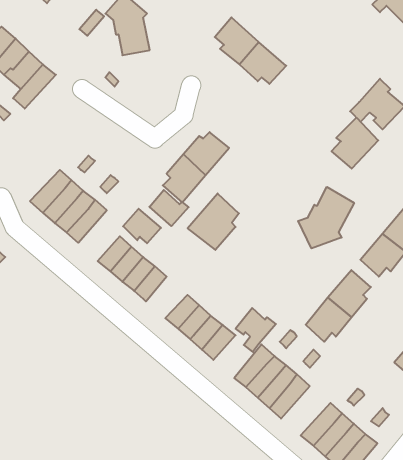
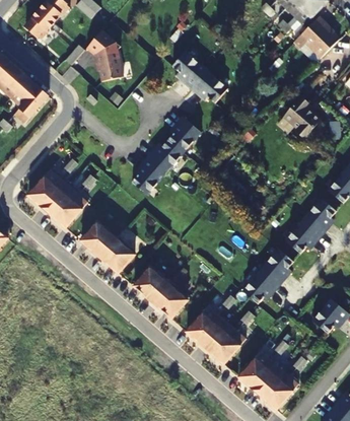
building: none -> [167,117,201,153]
building: [332,118,378,169] -> none
building: [298,187,354,248] -> none
building: [149,190,189,226] -> none
building: [188,193,239,250] -> none
building: [123,209,161,243] -> none
building: [236,308,276,352] -> none

